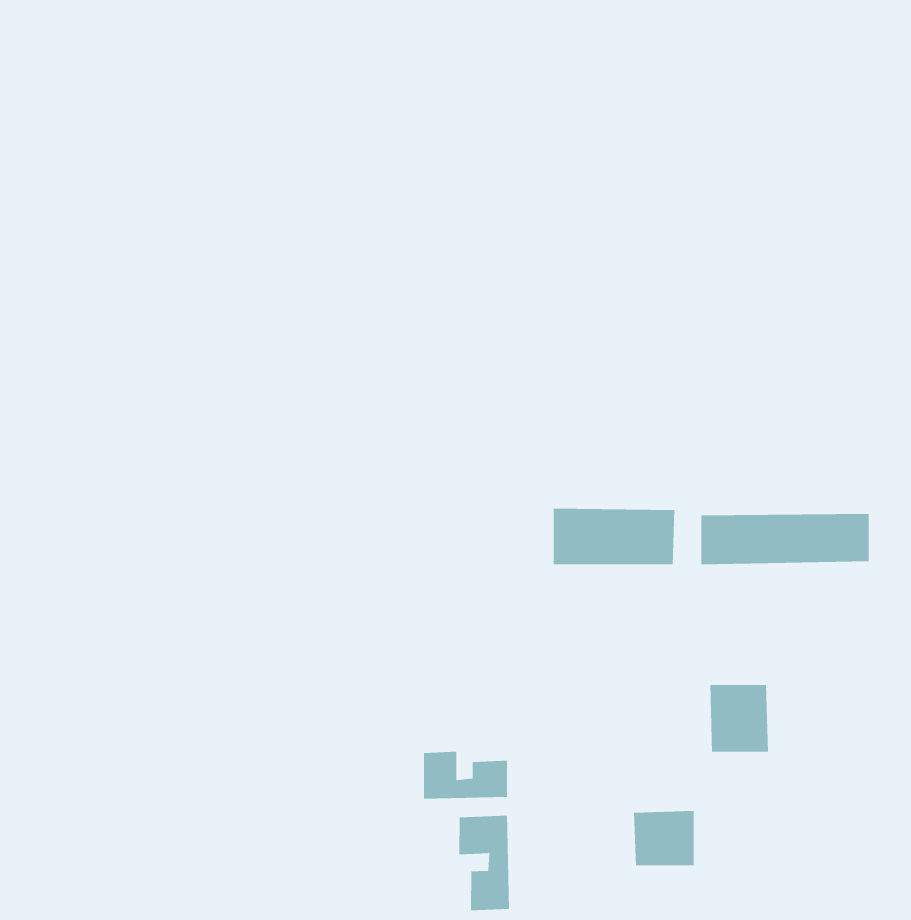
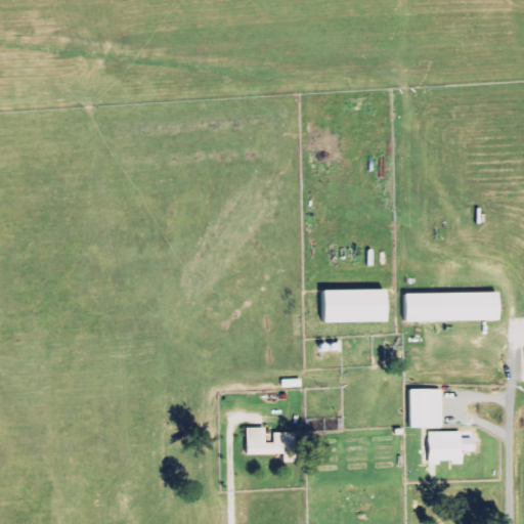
building: [633,810,695,866] -> [428,431,463,463]
building: [459,815,510,911] -> none

